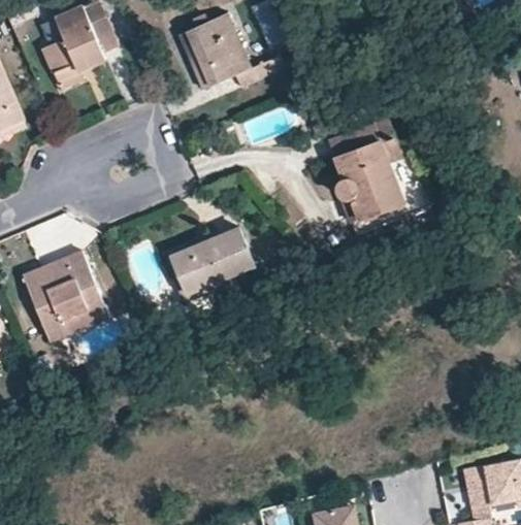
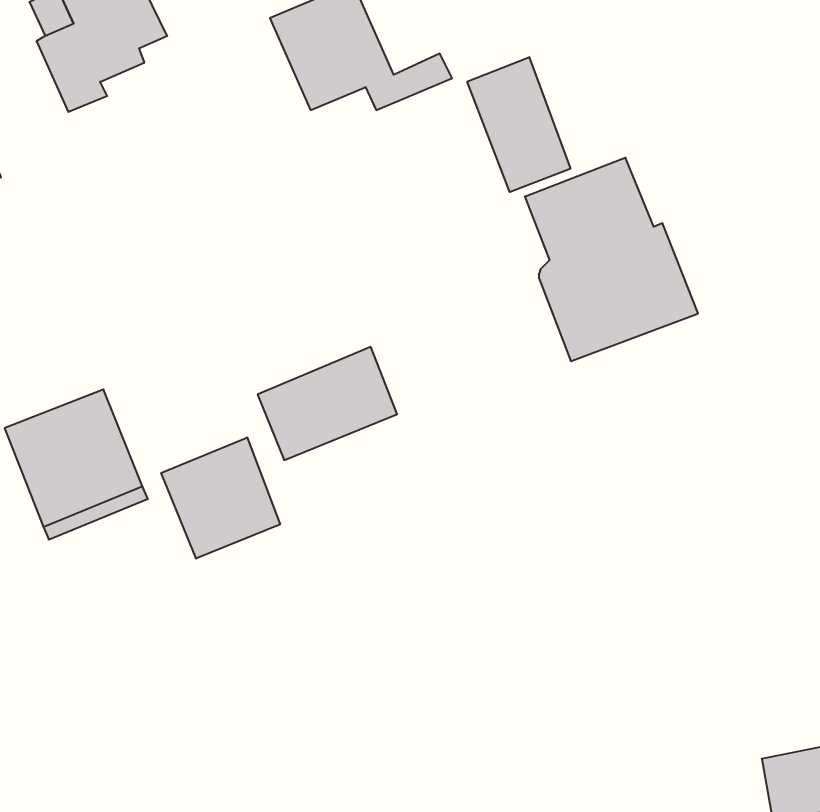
building: none -> [467,57,570,192]
building: none -> [161,437,280,559]

